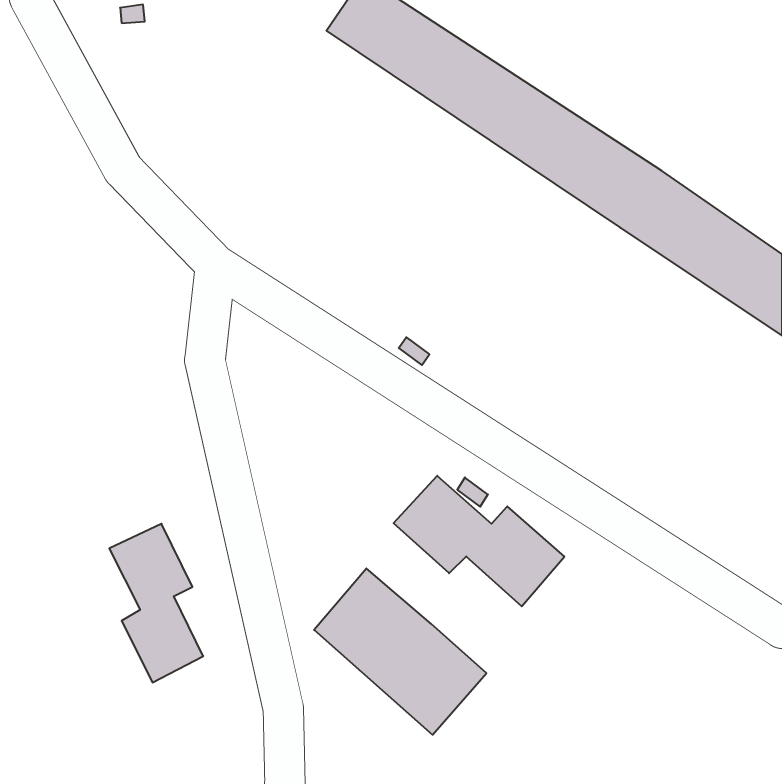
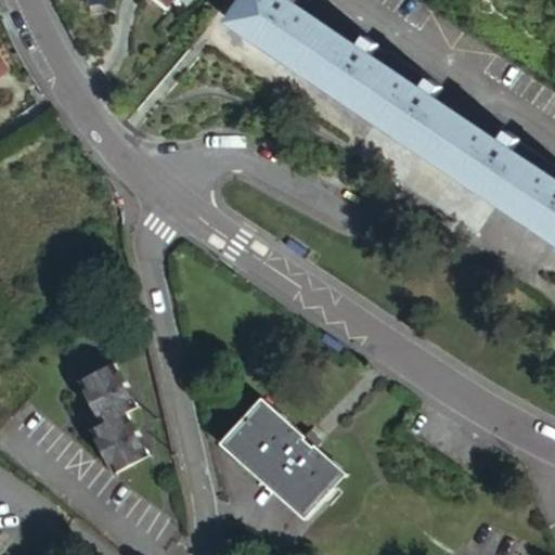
building: [394,476,564,606] -> none

